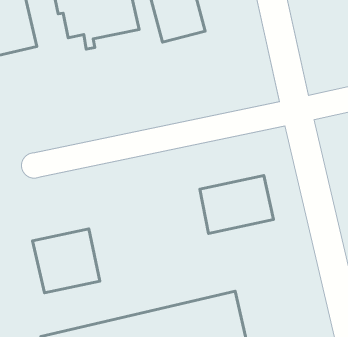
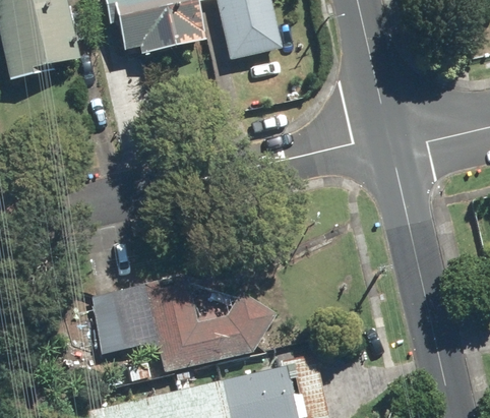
building: [200,175,273,234] -> none
building: none -> [143,272,275,370]

